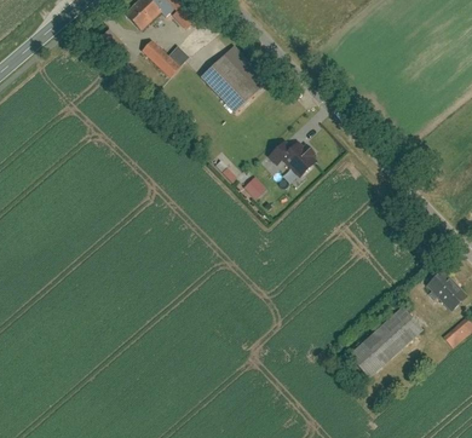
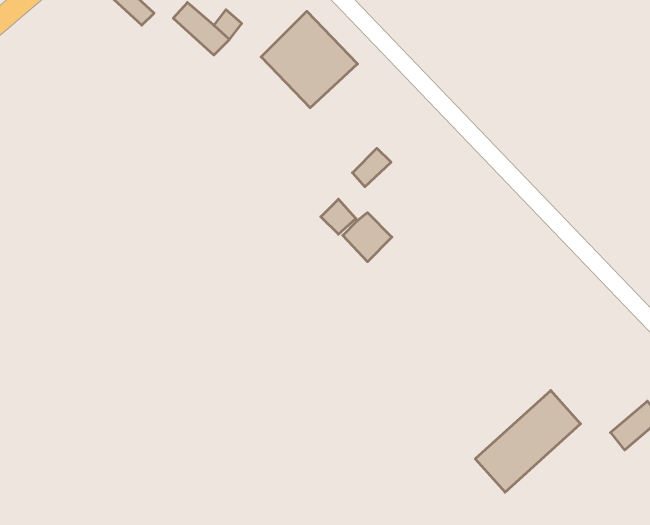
building: [283,143,317,177] -> [343,213,392,262]
building: [422,271,465,311] -> none

